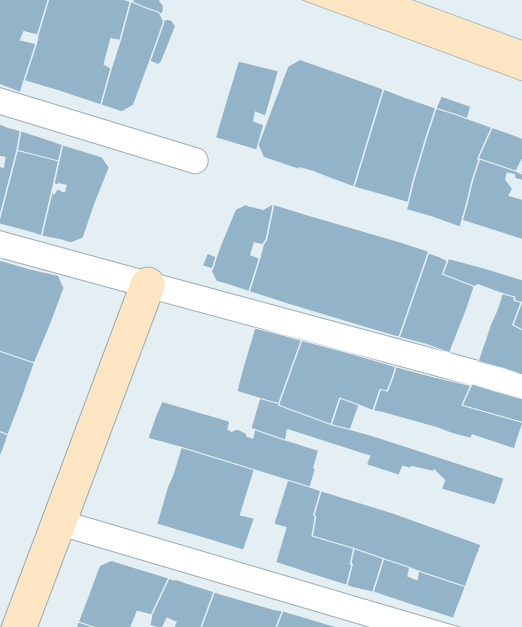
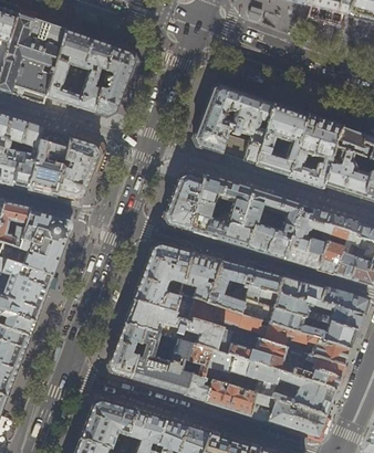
building: [216,61,279,150] -> none
building: none -> [315,225,349,274]
building: none -> [133,244,191,312]
building: none -> [268,306,356,348]
building: none -> [108,323,145,377]
building: none -> [227,330,344,390]
building: none -> [183,343,212,401]

